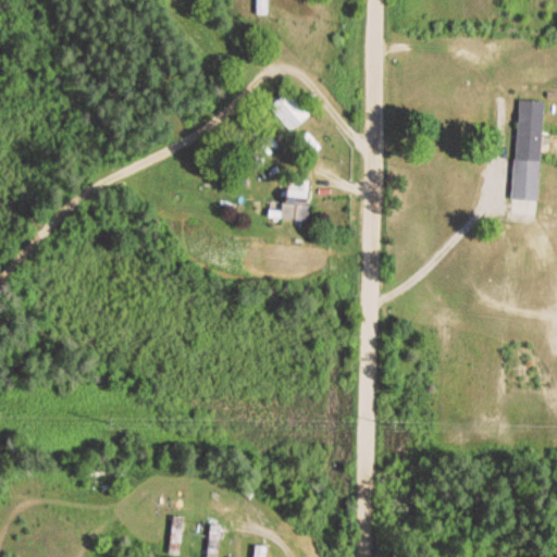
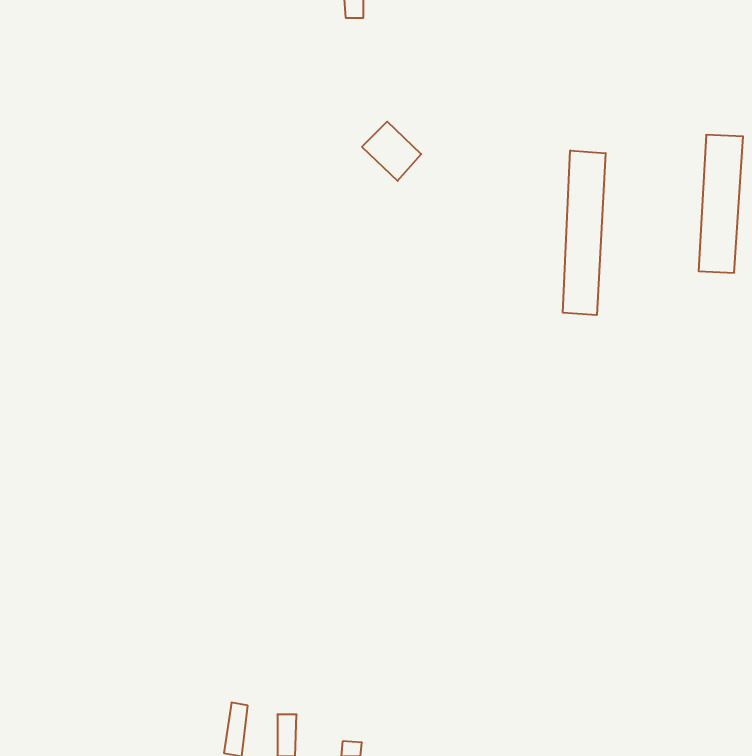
building: none -> [563,150,606,315]
building: [282,189,308,220] -> none

